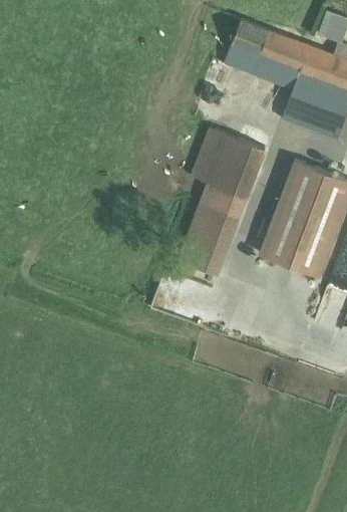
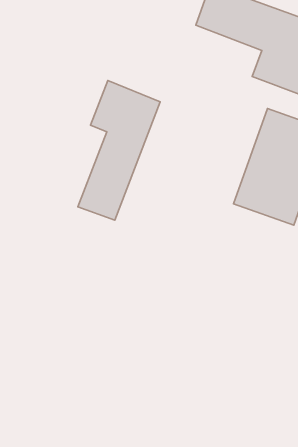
building: [183,122,268,267] -> [78,81,160,220]

